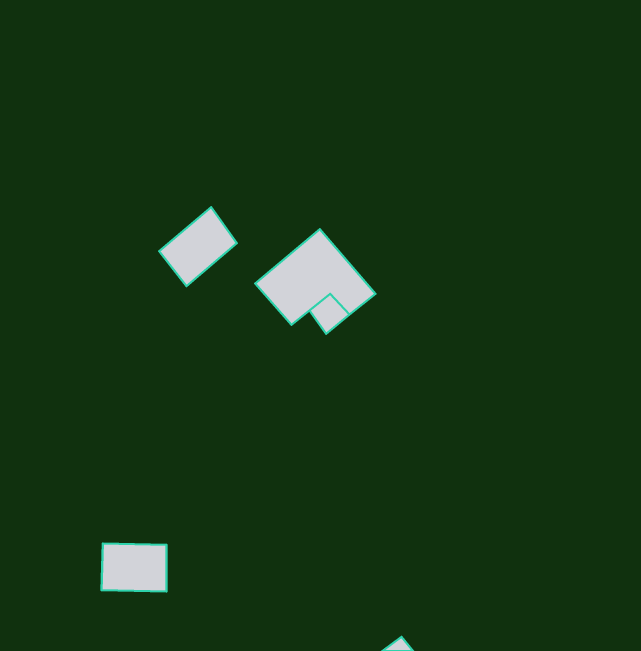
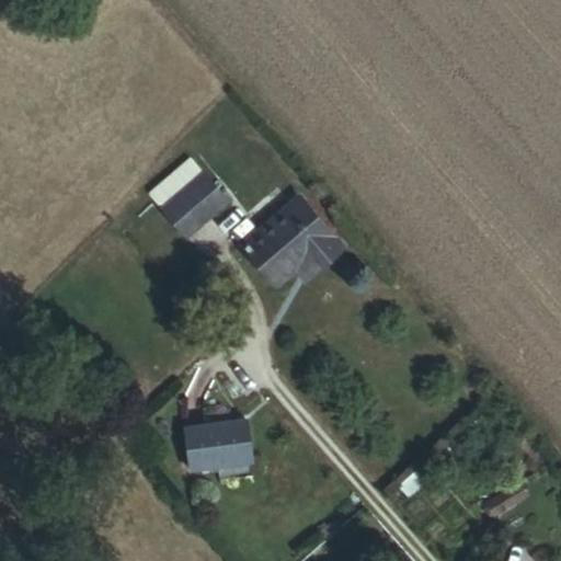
building: [102,544,166,591] -> [199,428,254,469]

